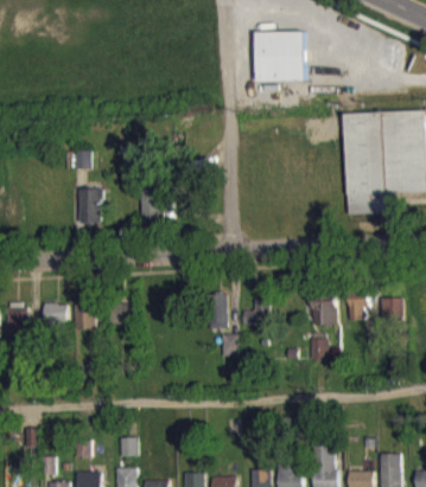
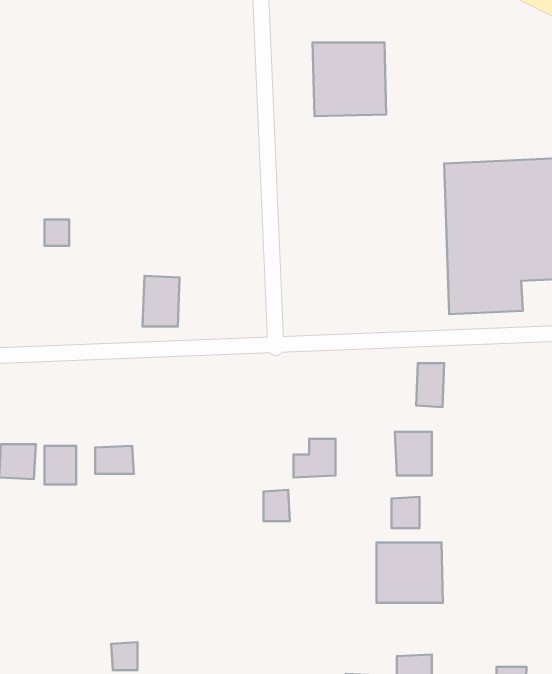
building: [80,188,103,224] -> none
building: [348,291,367,321] -> [416,363,444,407]
building: [209,294,228,328] -> none
building: [377,297,402,320] -> none
building: none -> [377,542,443,603]

